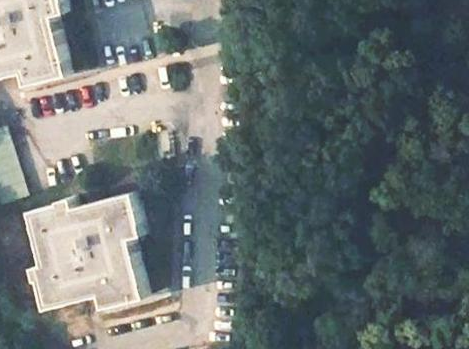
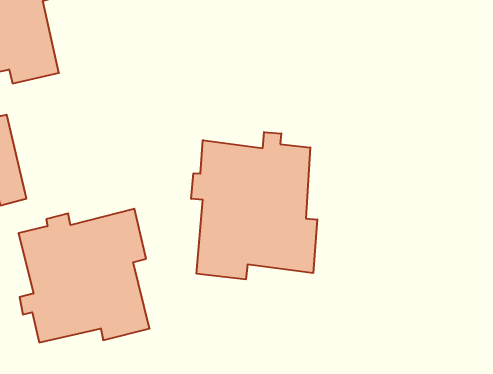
building: none -> [191,132,317,279]

